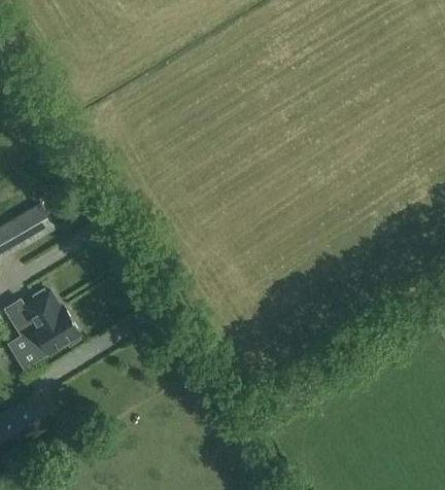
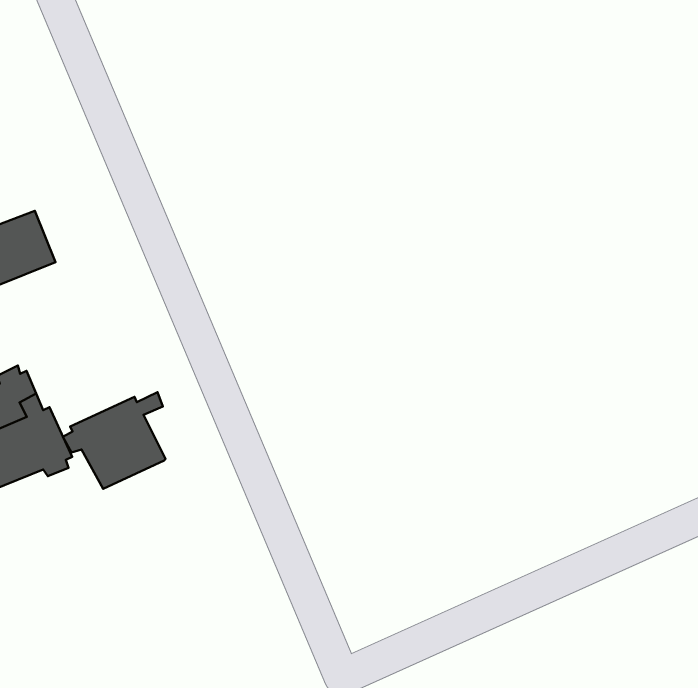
building: none -> [63,392,166,489]

